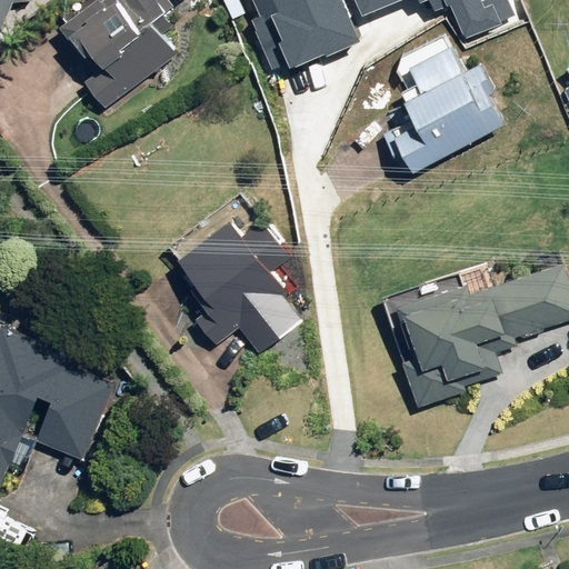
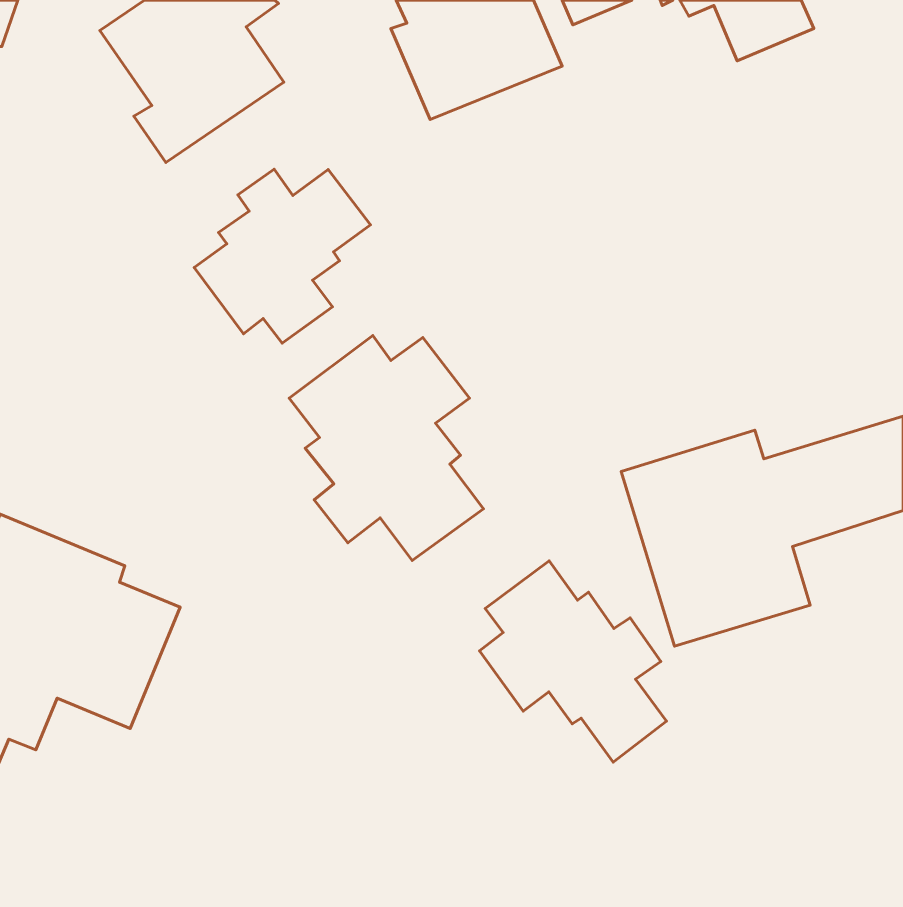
building: [398,44,507,171] -> none
building: none -> [194,169,370,343]
building: none -> [479,561,667,762]

